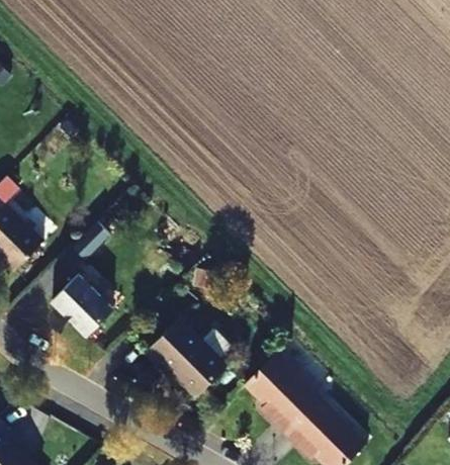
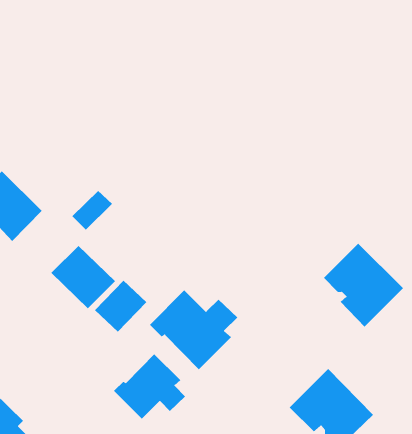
building: none -> [94,280,147,332]
building: [243,351,322,434] -> [323,243,404,328]
building: none -> [113,353,186,420]

